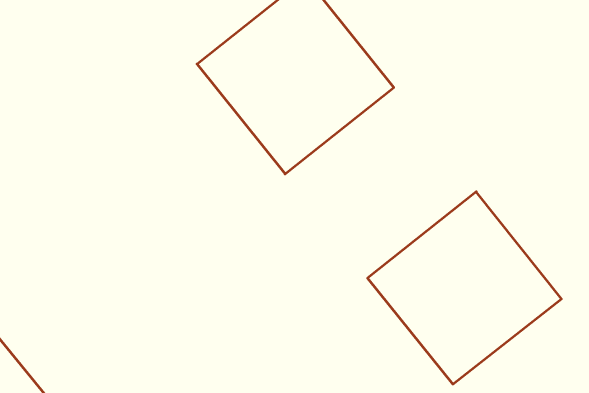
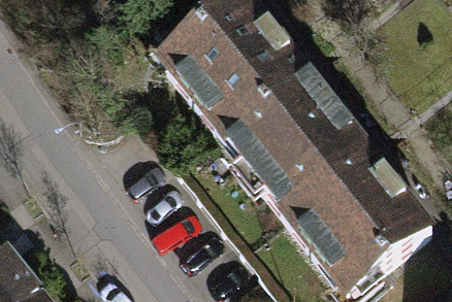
building: none -> [221,68,364,211]

